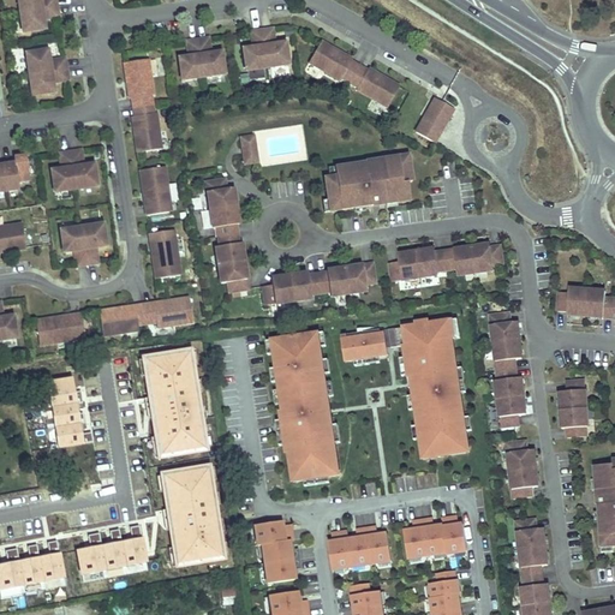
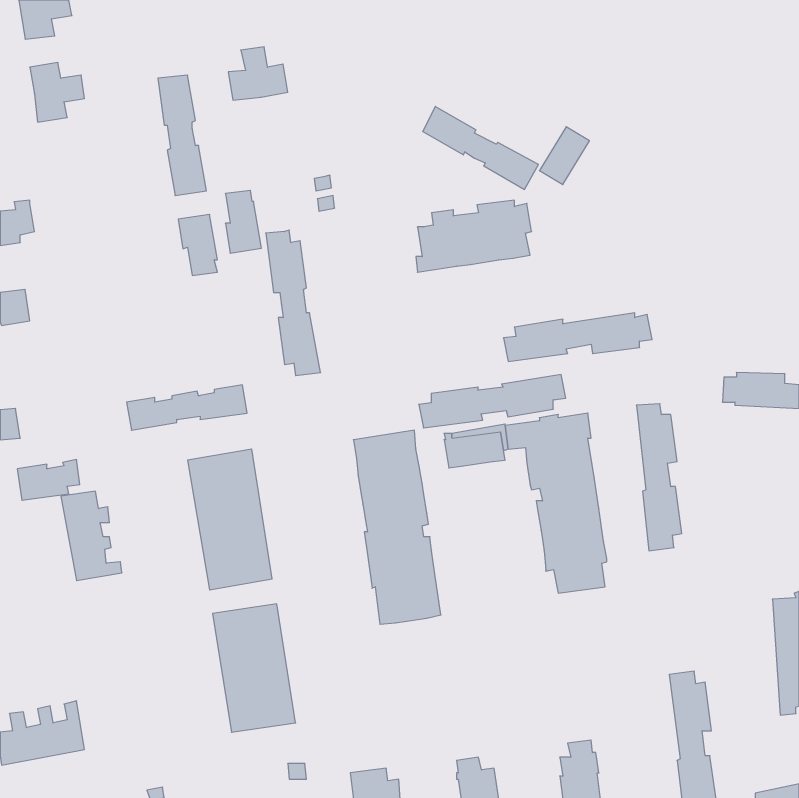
building: [239,28,285,68] -> none
building: [308,40,396,103] -> [423,106,538,189]
building: [48,149,94,191] -> none
building: [58,223,103,265] -> none
building: [150,229,178,277] -> [225,190,261,253]
building: [259,262,372,303] -> [419,375,566,428]
building: [34,312,82,344] -> [17,460,80,500]
building: [557,377,586,435] -> none
building: [504,438,536,496] -> none
building: [404,517,467,557] -> none
building: [253,520,301,583] -> none
building: [79,524,148,573] -> none
building: [328,526,392,568] -> none

